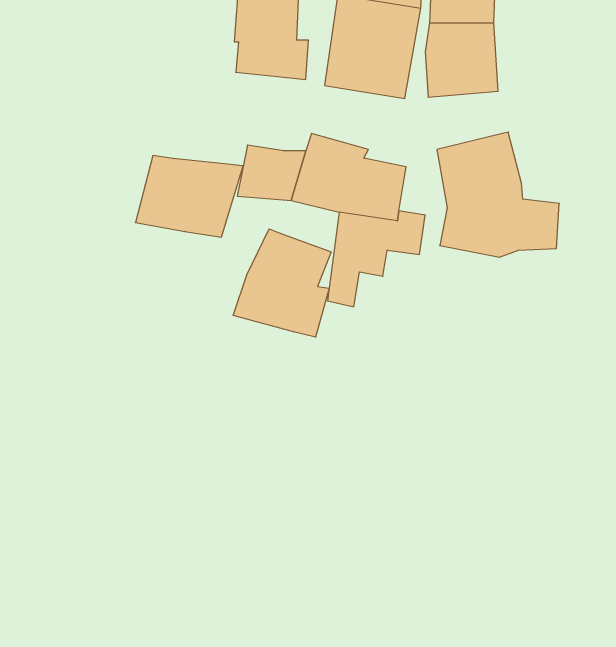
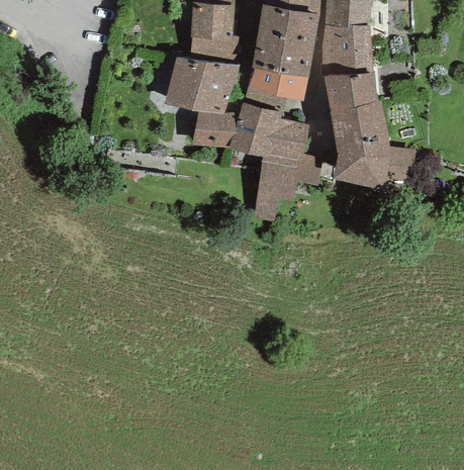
building: none -> [244,68,308,112]
building: none -> [324,72,376,112]
building: [135,156,243,237] -> [165,57,240,113]
building: [233,229,331,337] -> none

